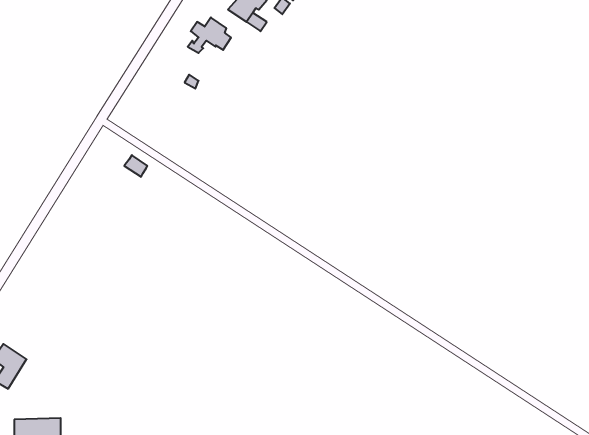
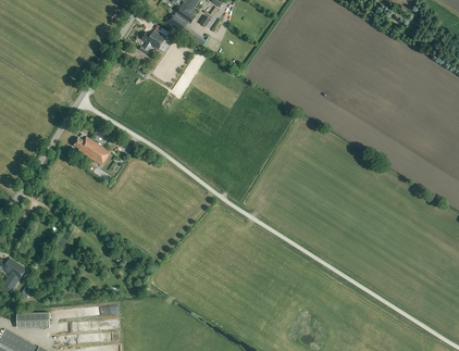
building: none -> [73,138,110,166]

